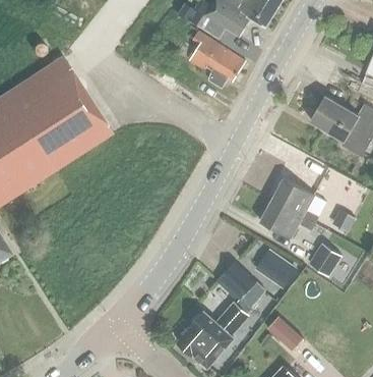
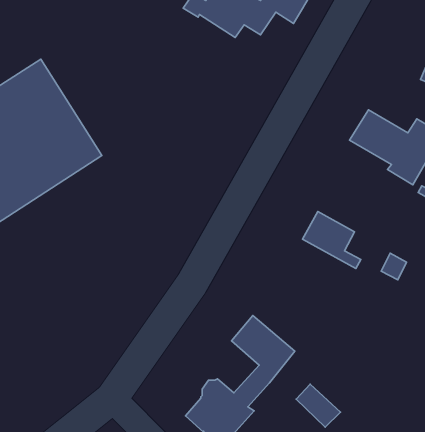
building: [189,32,246,89] -> none
building: [260,201,315,239] -> none
building: [308,243,343,277] -> none
building: [255,250,298,290] -> none

